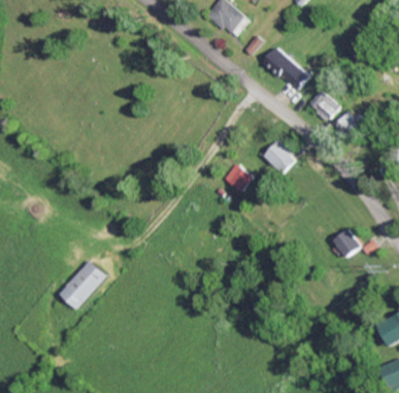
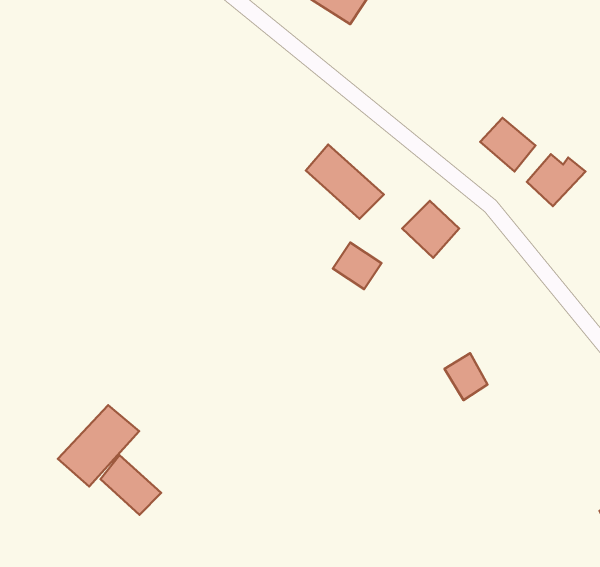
building: [264,46,310,91] -> [306,144,384,219]
building: [335,229,361,257] -> [444,353,488,400]
building: none -> [100,455,161,515]

